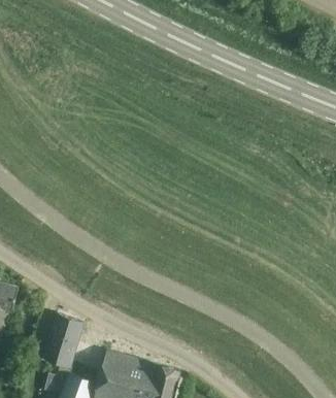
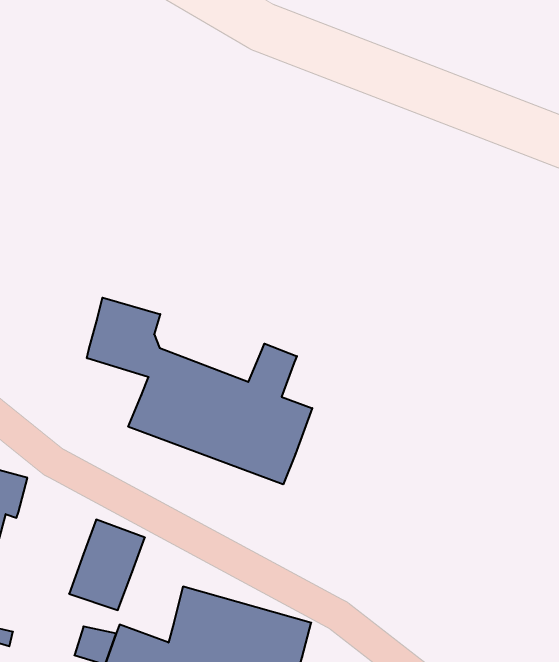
building: none -> [87,298,312,484]

